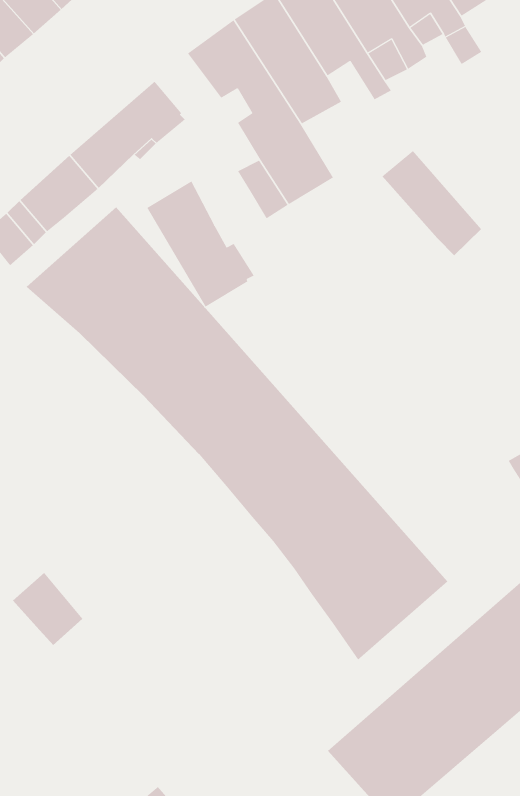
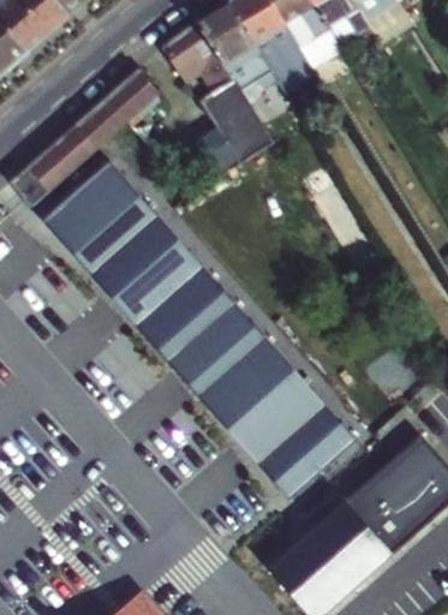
building: [382,150,482,256] -> none
building: [147,181,254,308] -> none
building: [12,572,83,646] -> none

